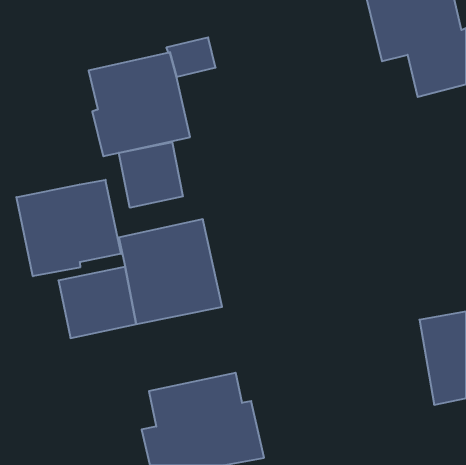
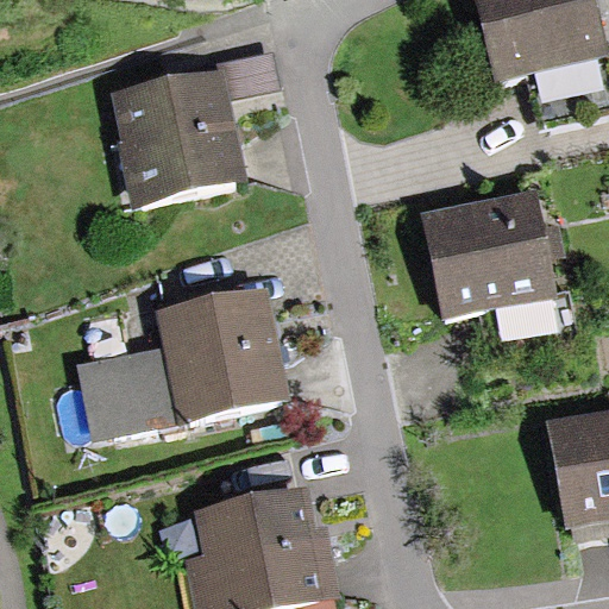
building: [119,142,183,208] -> none
building: none -> [421,190,583,351]
building: [16,180,121,276] -> none

